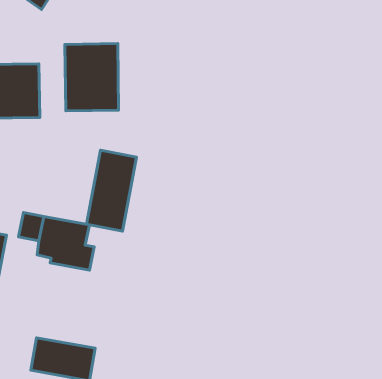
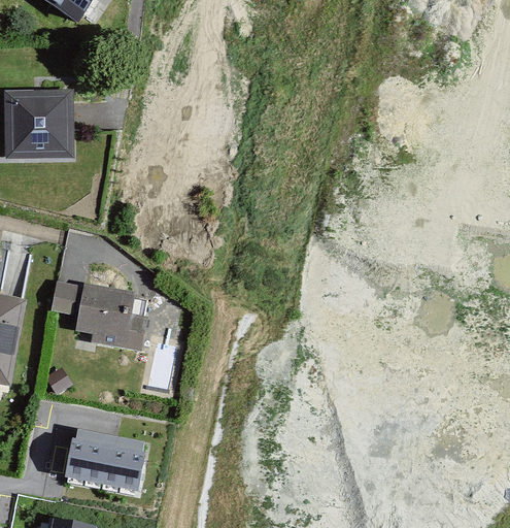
building: [65,44,119,111] -> none
building: [87,150,136,231] -> none

